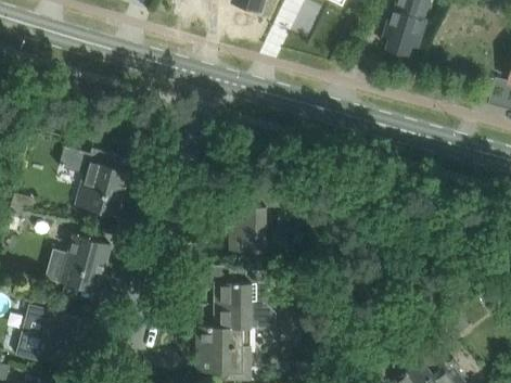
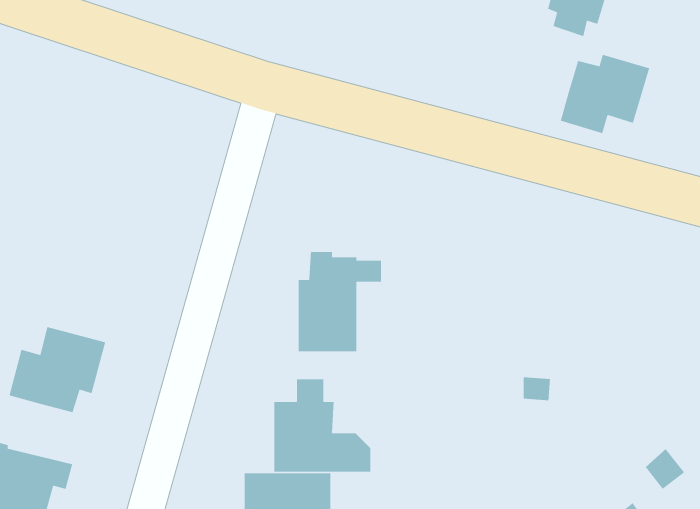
building: none -> [560,54,650,134]
building: [59,146,130,216] -> none

